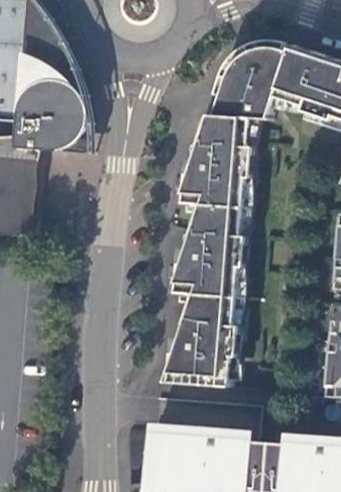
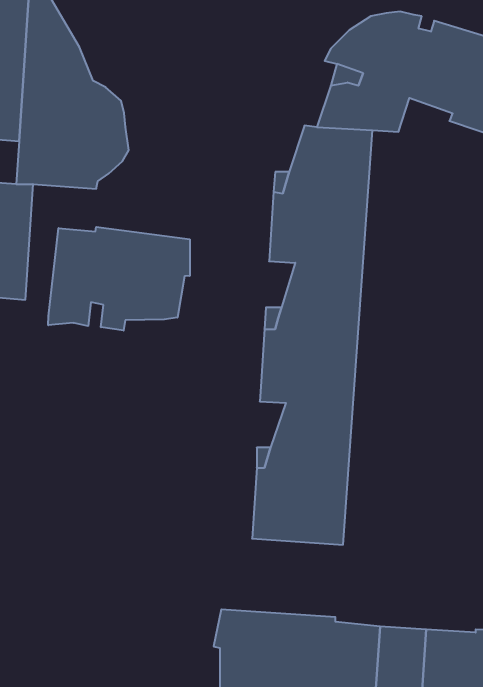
building: none -> [48,227,190,331]

